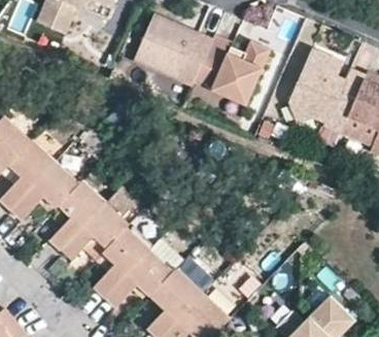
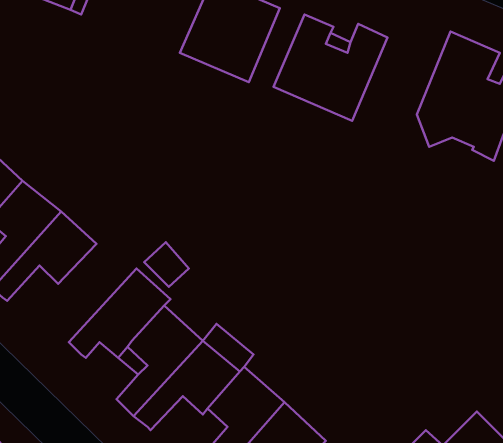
building: [47,181,104,251] -> none

